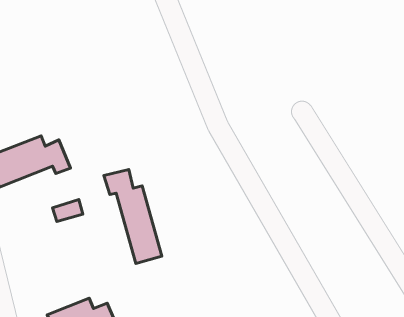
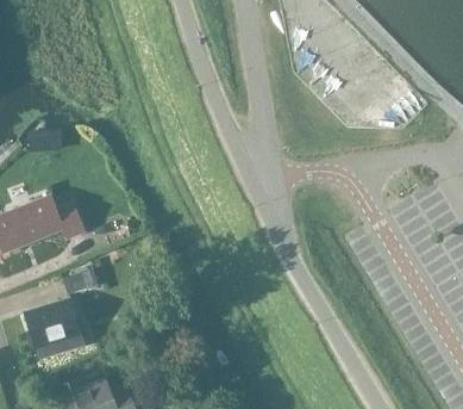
building: [104,170,162,264] -> none
building: none -> [25,299,81,351]

